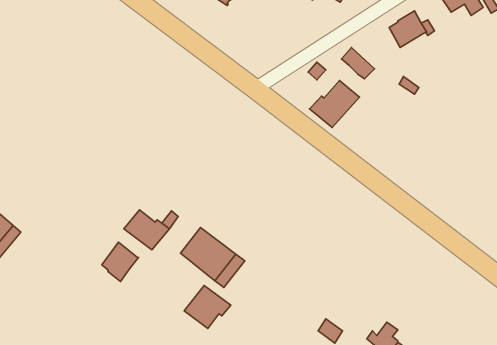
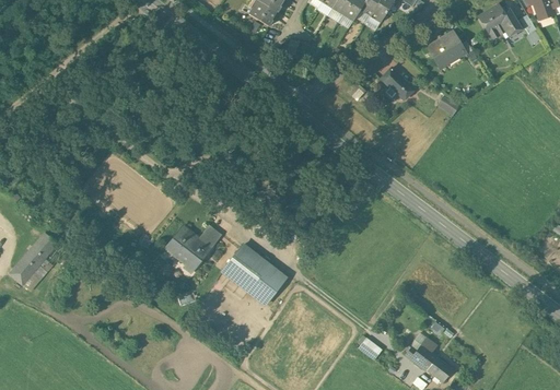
building: [309,81,360,127] -> none
building: [102,242,138,281] -> none
building: [184,285,231,328] -> none

